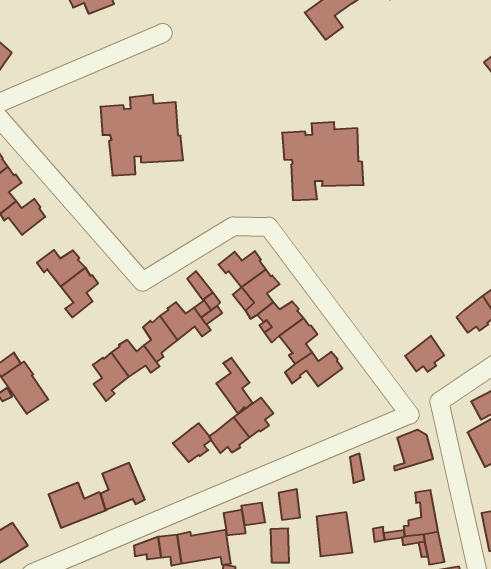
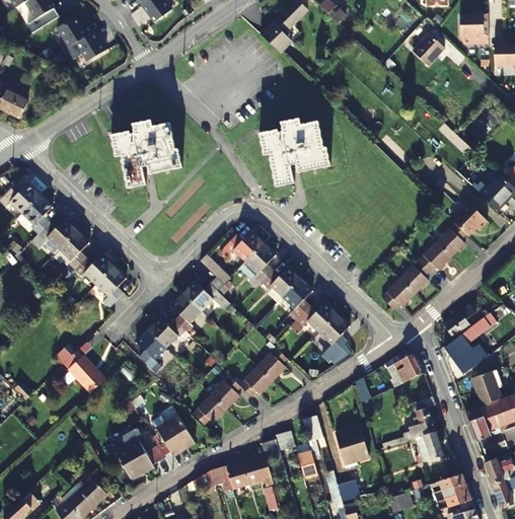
building: none -> [62,230,91,268]
building: none -> [402,258,432,291]
building: [216,358,253,413] -> none
building: none -> [318,314,349,357]
building: none -> [192,395,224,425]

